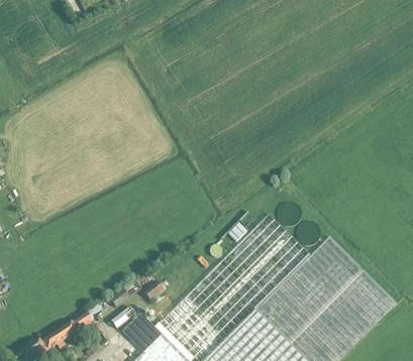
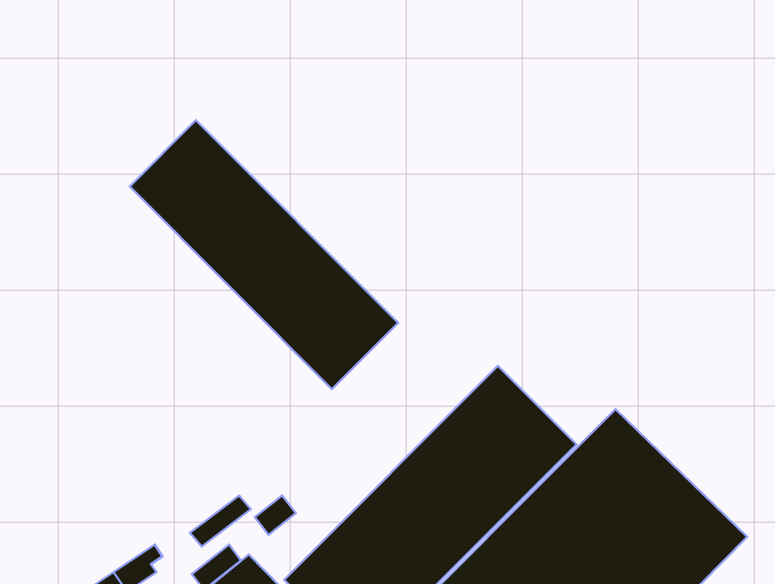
building: none -> [130,120,398,389]

